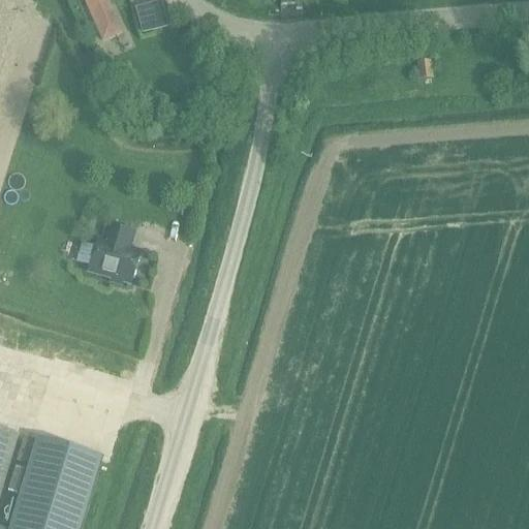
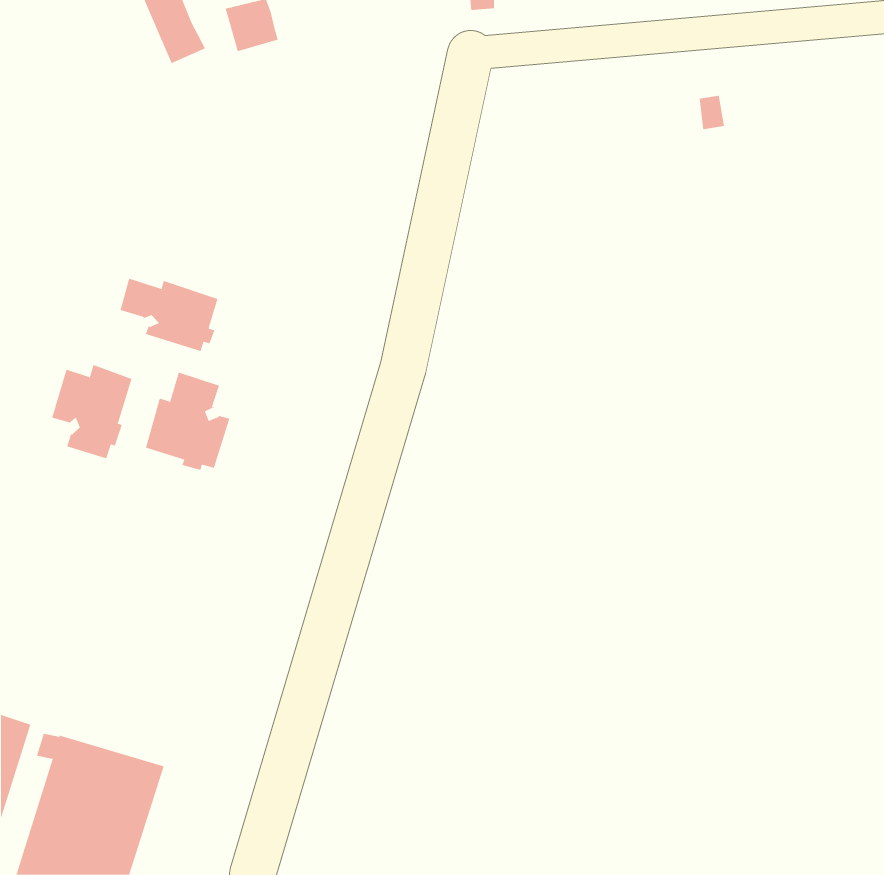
building: none -> [120,278,218,352]
building: none -> [52,364,132,459]

